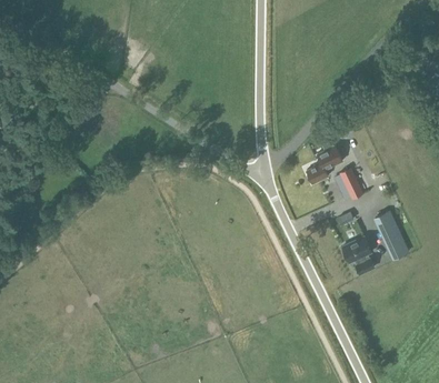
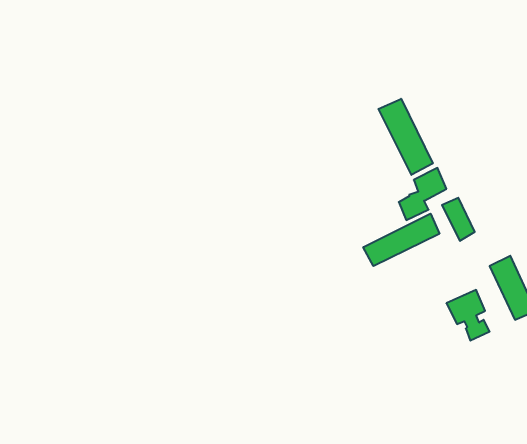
building: none -> [378,99,433,175]
building: none -> [363,214,439,266]

